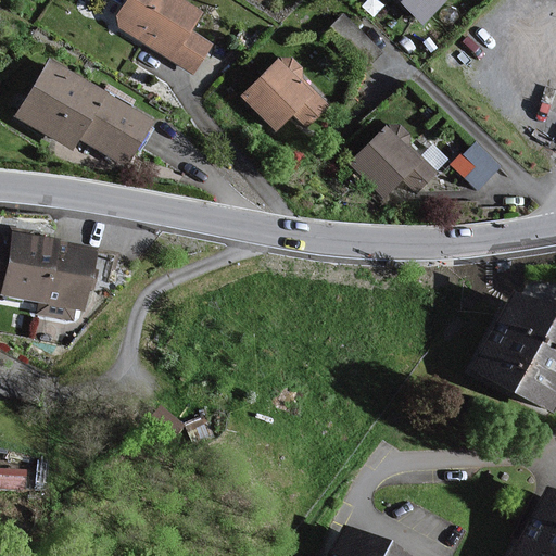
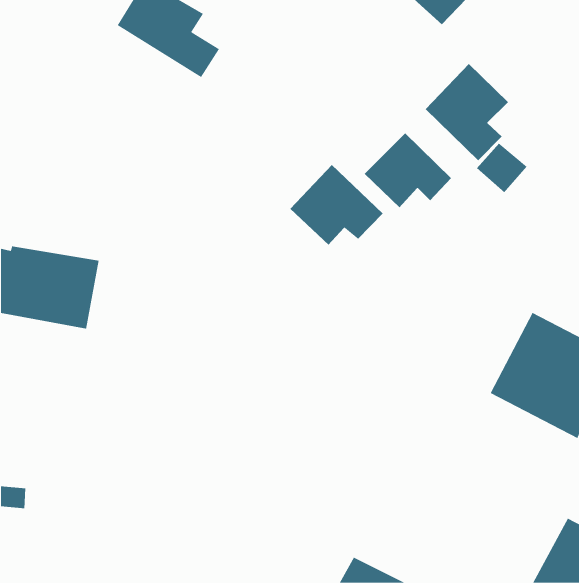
building: [240,58,329,135] -> [290,164,383,245]
building: none -> [425,63,509,161]
building: [18,62,153,163] -> none

